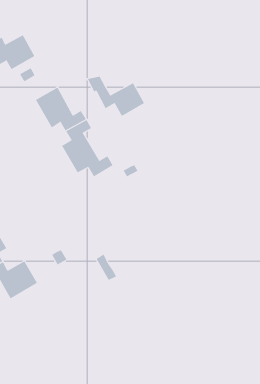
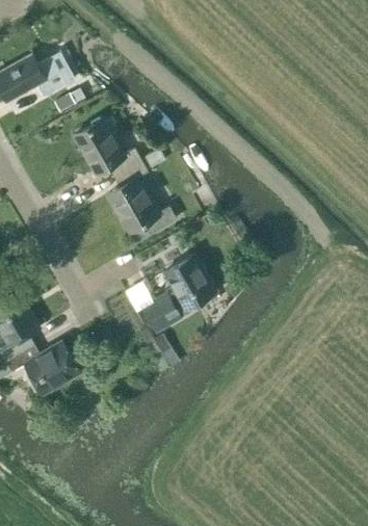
building: [87,76,145,117] -> none
building: none -> [142,255,213,331]

